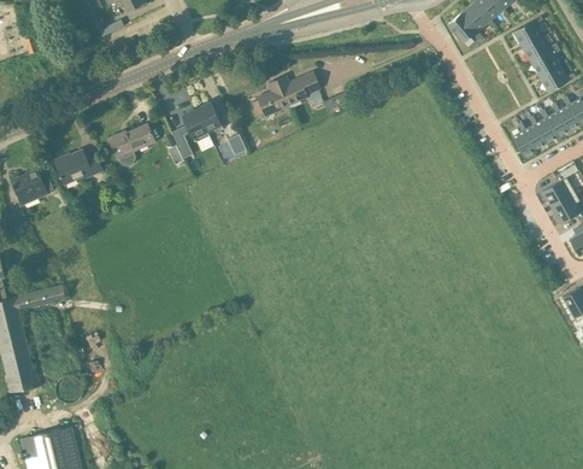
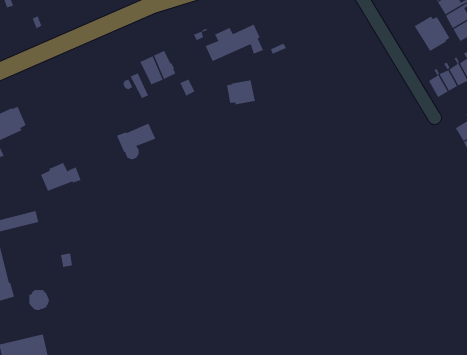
building: none -> [414,16,450,52]
building: [110,123,155,165] -> [116,123,156,160]
building: none -> [226,79,256,105]
building: [55,150,102,183] -> [40,162,81,192]

